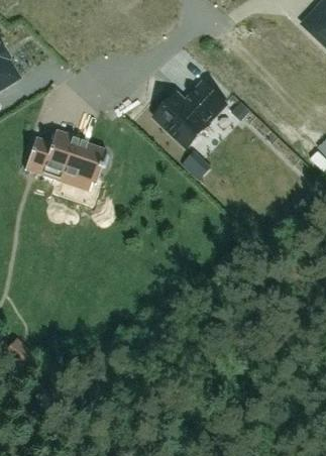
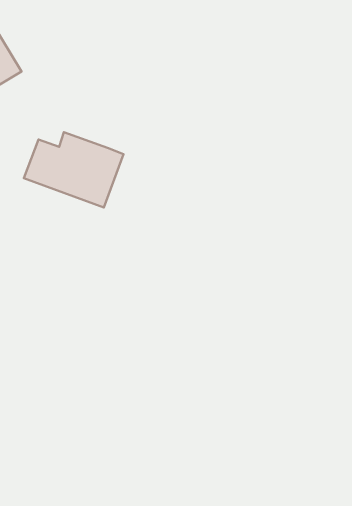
building: [157,80,228,145] -> none

